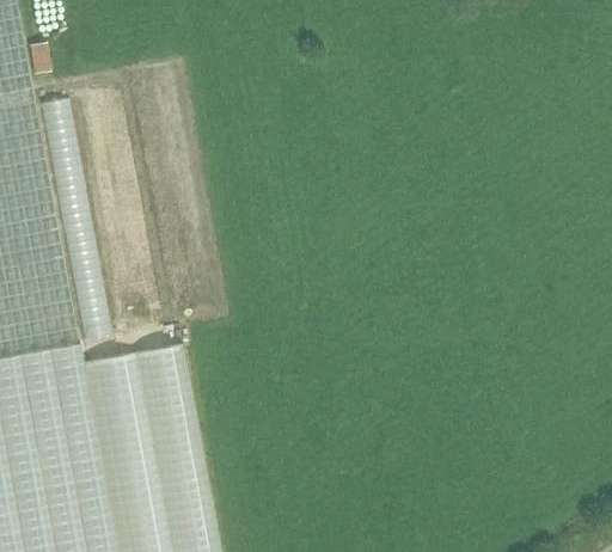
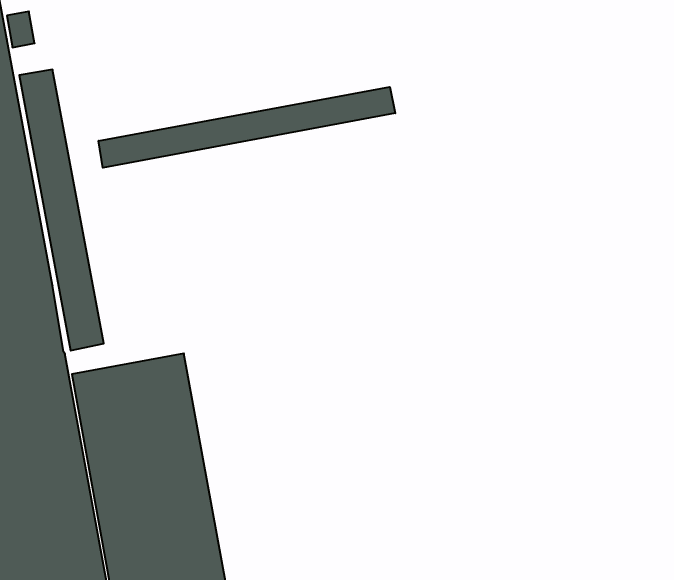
building: none -> [99,87,395,168]

